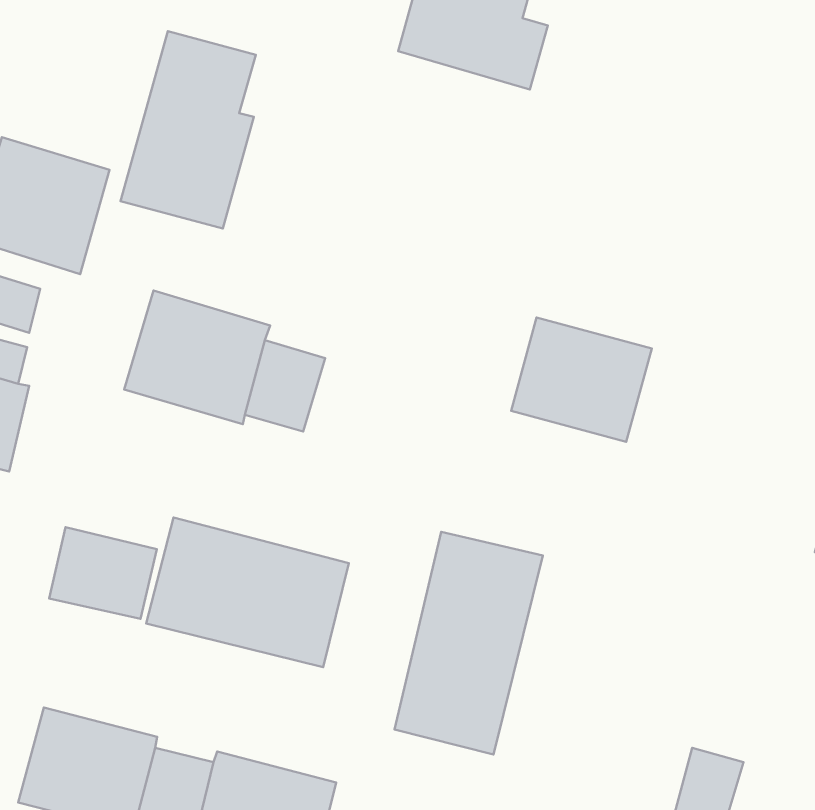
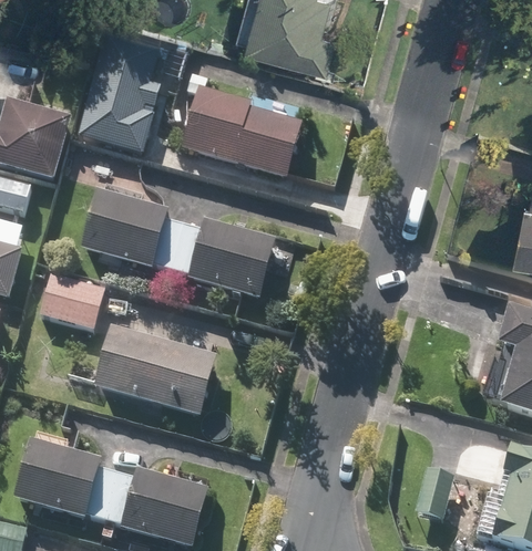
building: none -> [184,89,300,177]
building: [511,318,652,442] -> [190,221,275,297]
building: [49,527,157,619] -> [39,271,104,326]
building: [395,532,543,754] -> none

